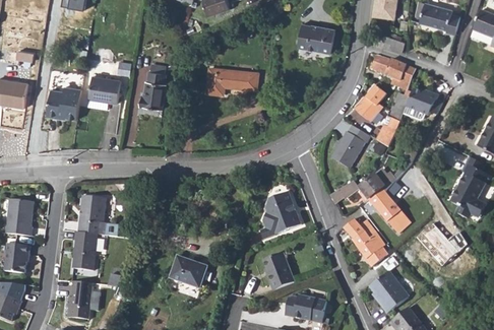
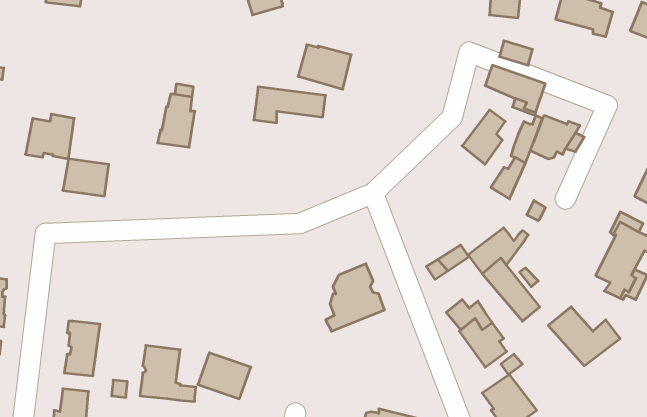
building: [297,24,334,56] -> [298,45,351,89]
building: [88,77,121,104] -> [63,159,109,196]
building: [331,123,371,167] -> none
building: [80,197,120,237] -> [140,345,196,401]
building: [262,252,294,289] -> none

